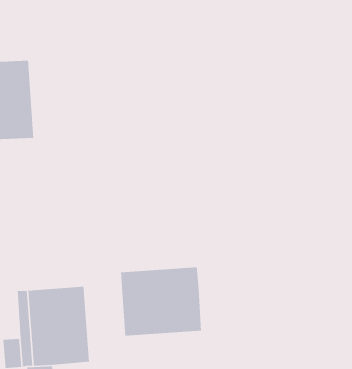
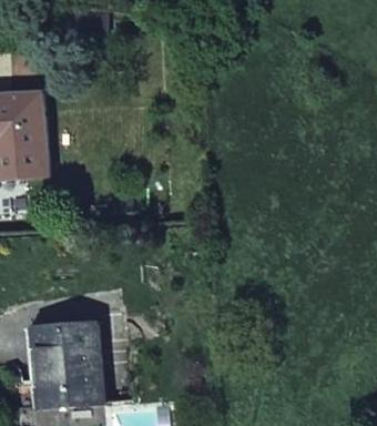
building: [120,266,202,337] -> none

